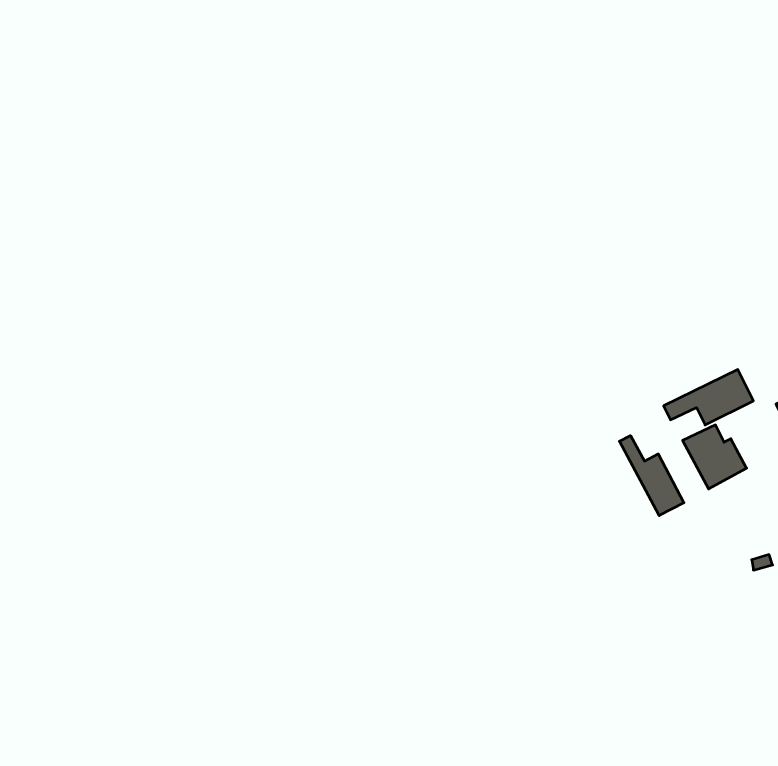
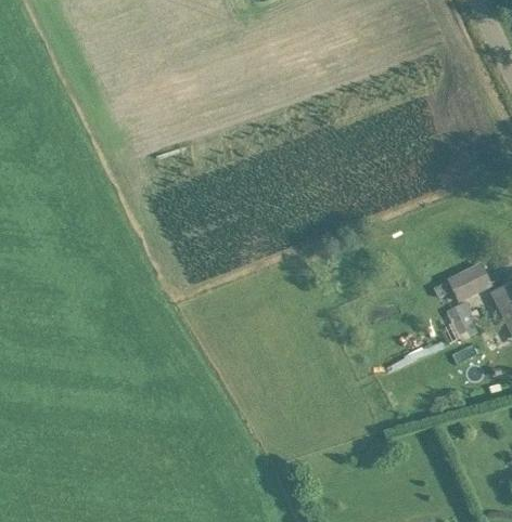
building: [619,436,684,516] -> none

